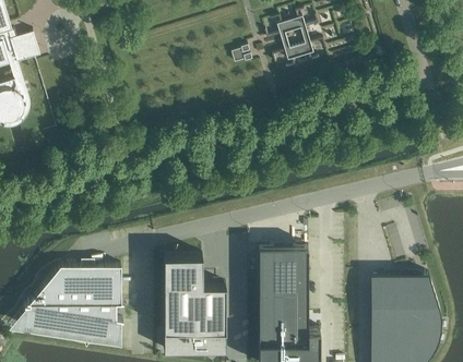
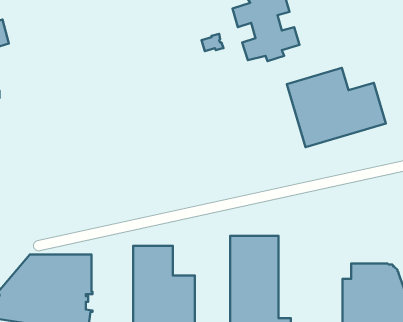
building: none -> [287,68,386,147]

